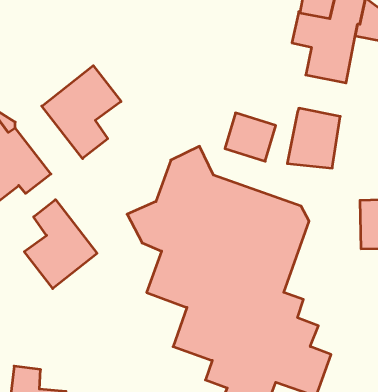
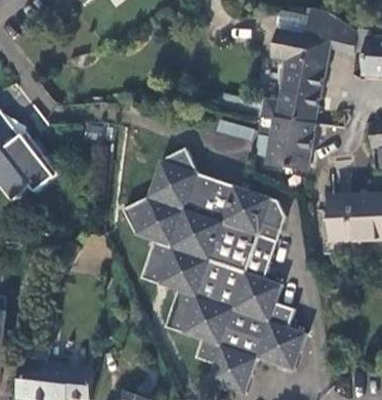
building: [42,66,121,159] -> none
building: none -> [261,85,319,122]
building: [24,200,97,289] -> none

